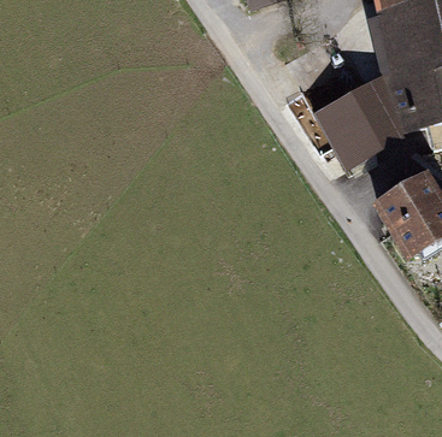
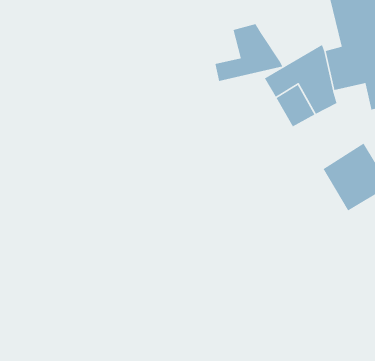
building: none -> [214,23,283,82]

